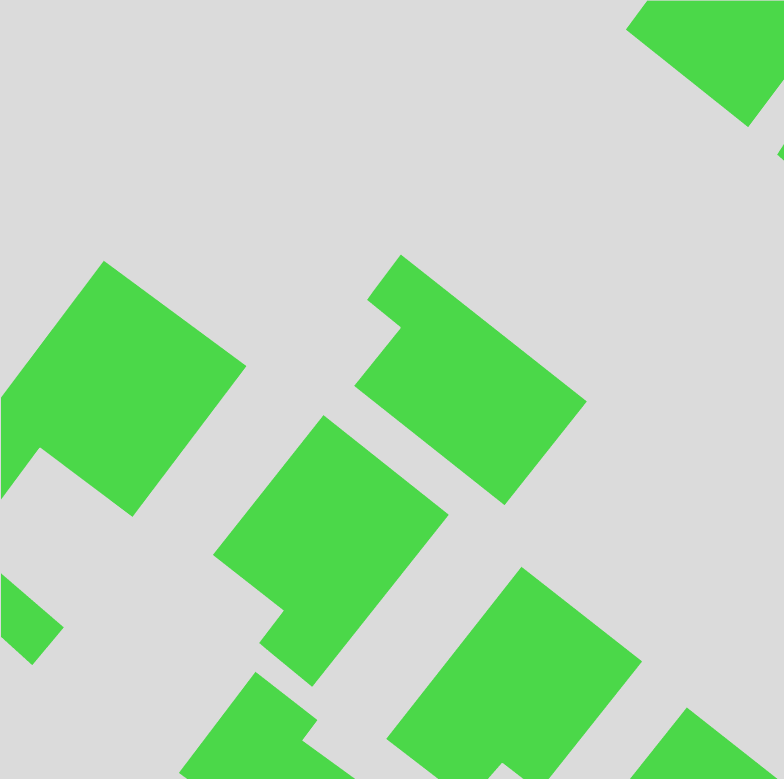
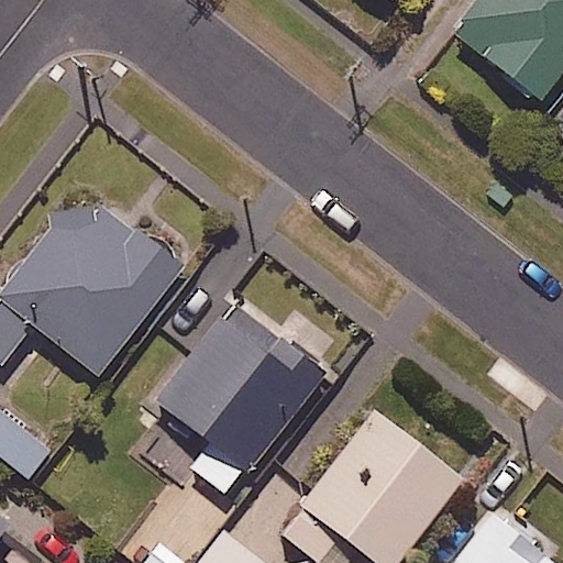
building: [353,254,588,506] -> none

